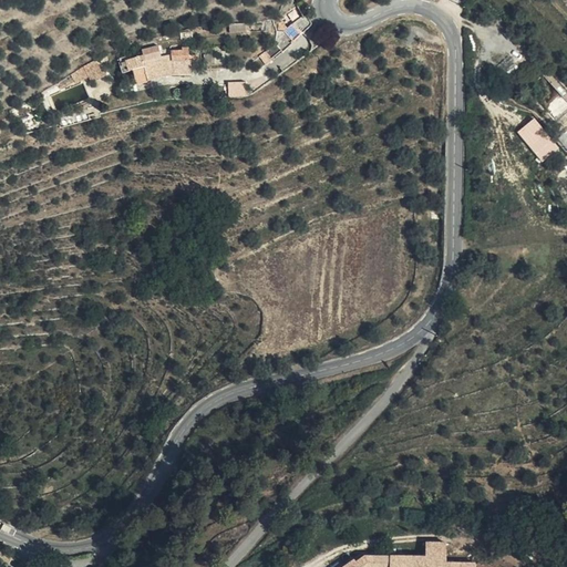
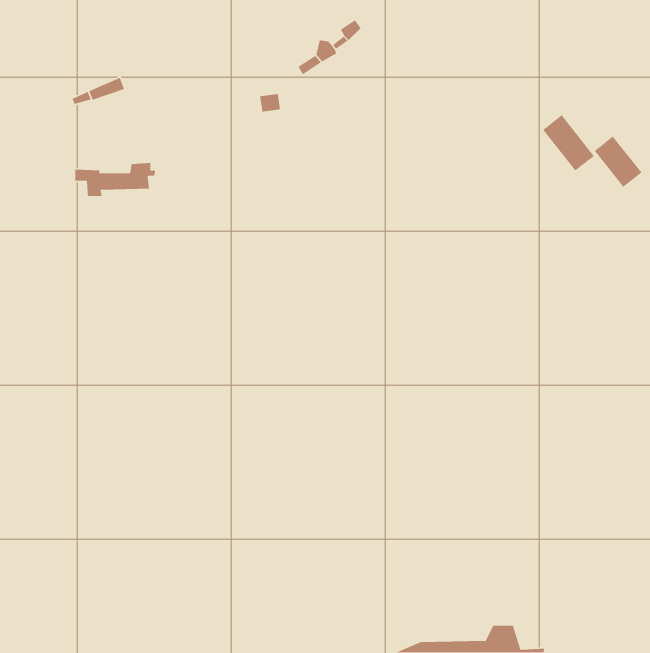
building: [124,53,195,83] -> [75,162,156,197]
building: none -> [542,114,595,172]

